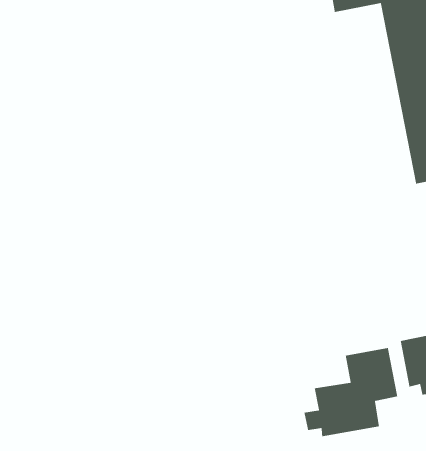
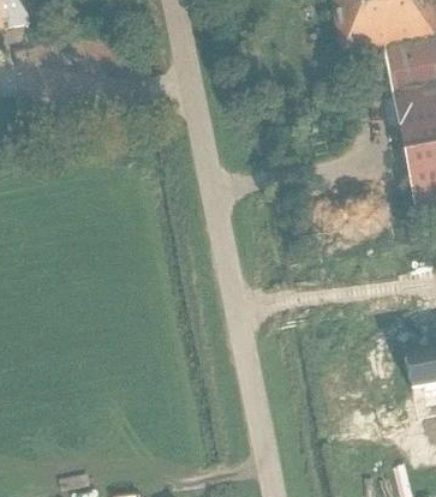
building: [303,347,398,437] -> none

